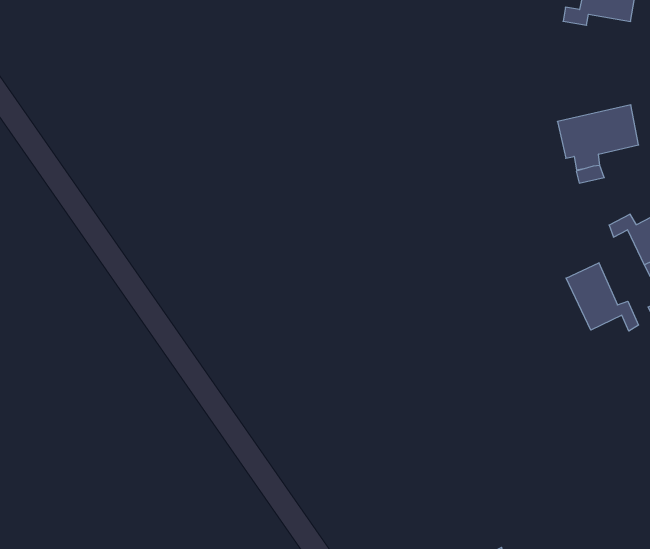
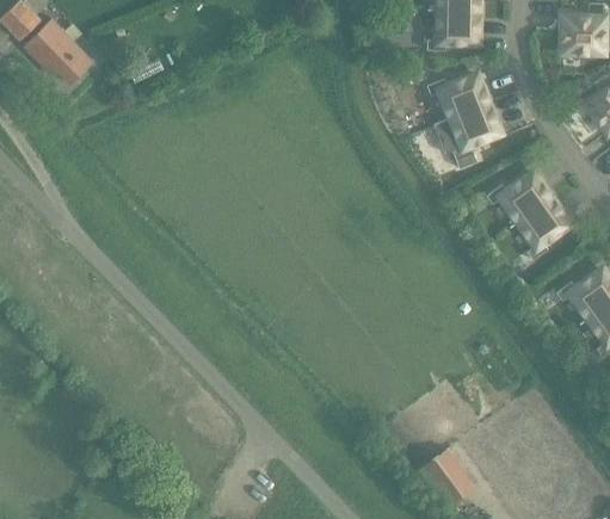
building: none -> [423,75,485,118]
building: [566,263,639,331] -> none

